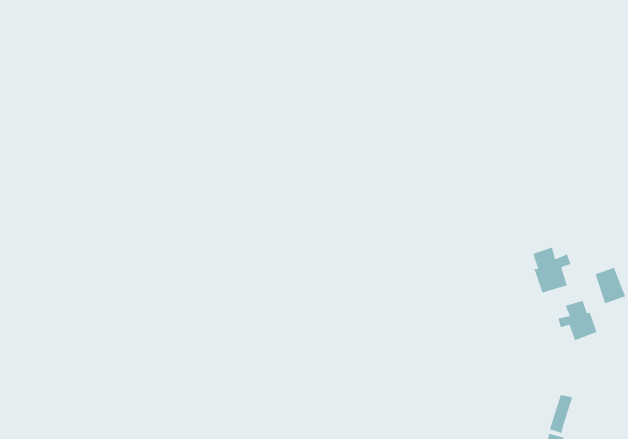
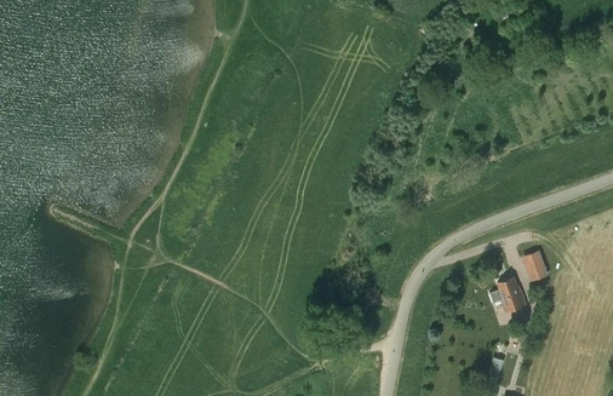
building: [532,246,572,293] -> none

